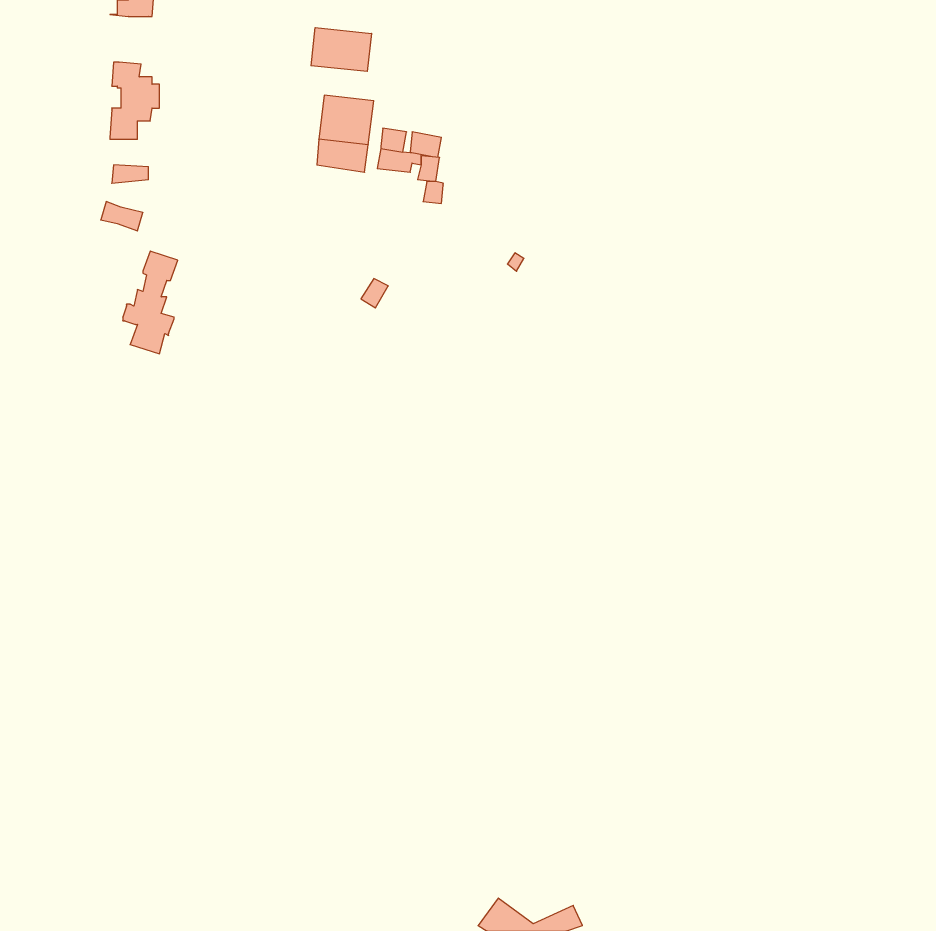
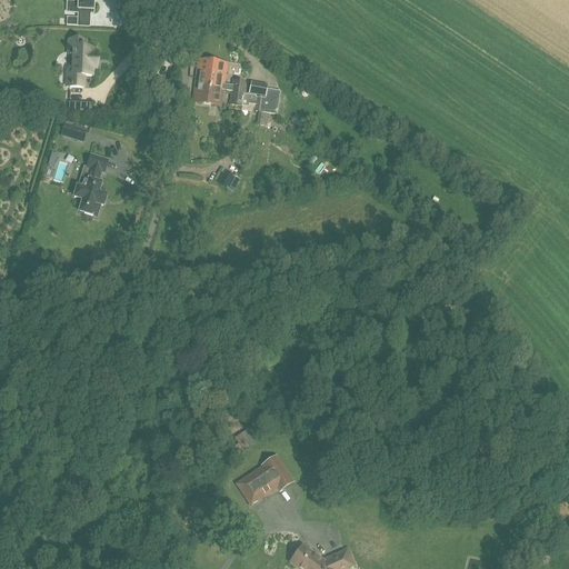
building: [311,28,372,71] -> none
building: none -> [234,453,292,505]

